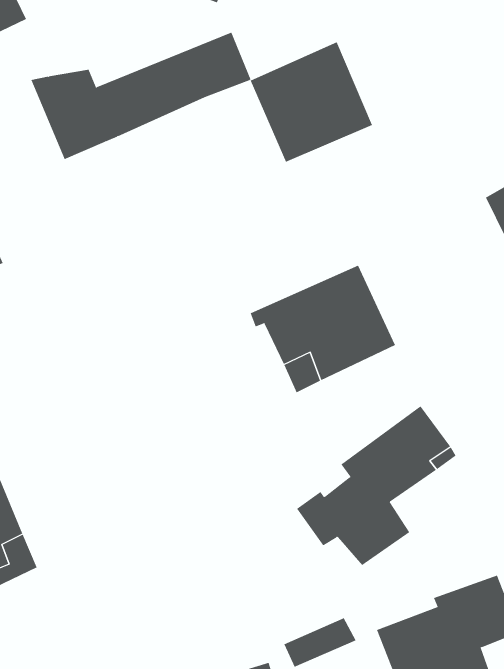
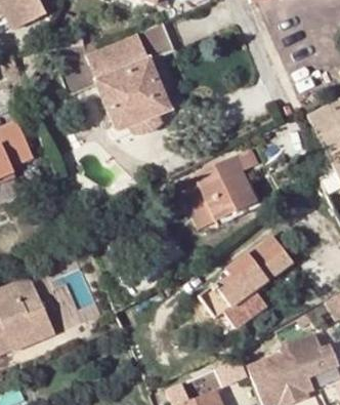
building: [250,41,373,162] -> [98,59,169,129]

